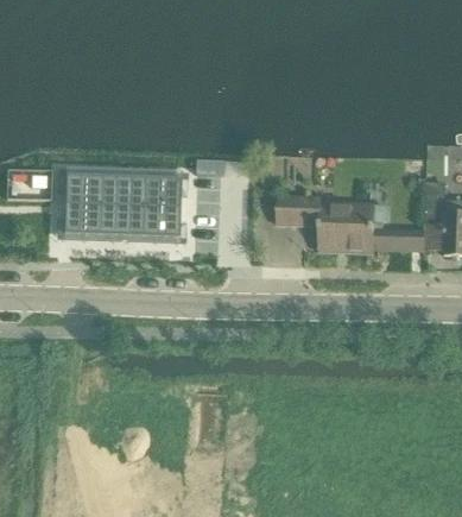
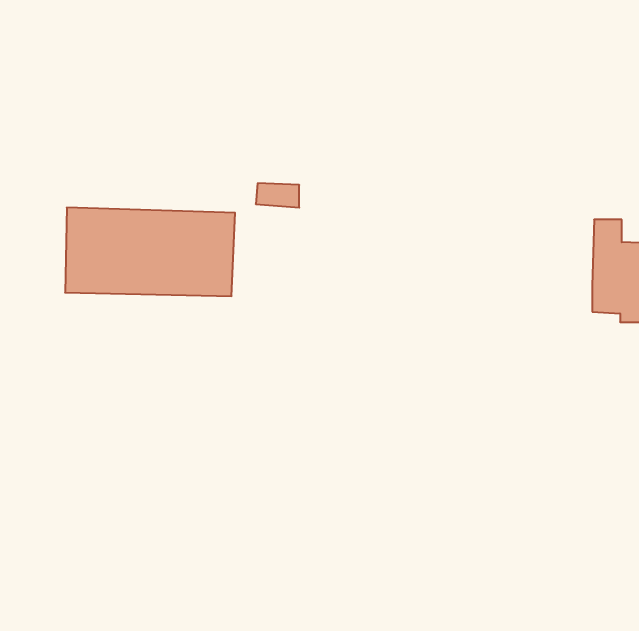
building: [277,195,424,252] -> none

